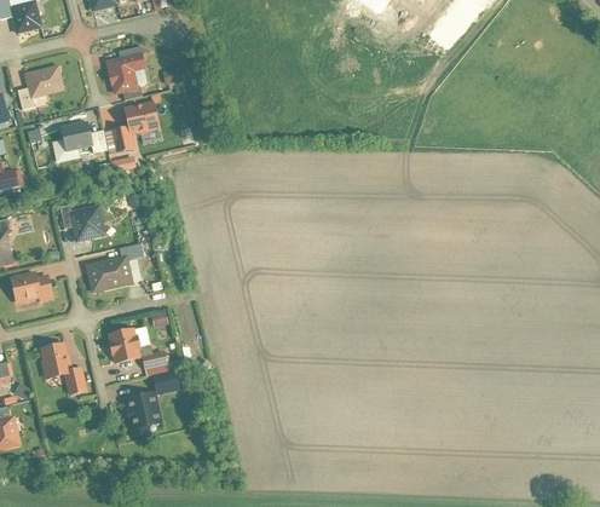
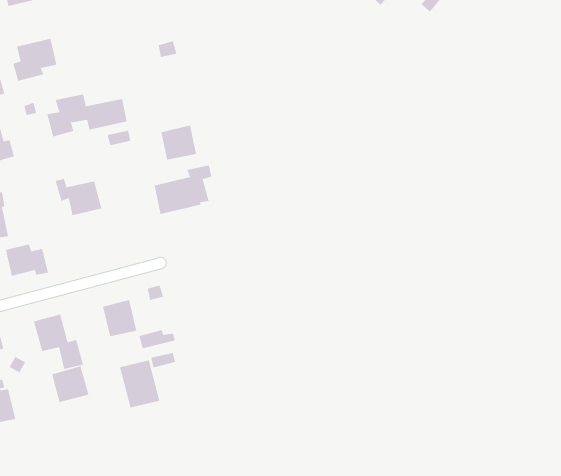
building: [103,51,143,93] -> none
building: [125,98,161,133] -> [160,125,197,160]
building: [87,243,145,293] -> [154,165,212,214]
building: none -> [52,365,89,403]

